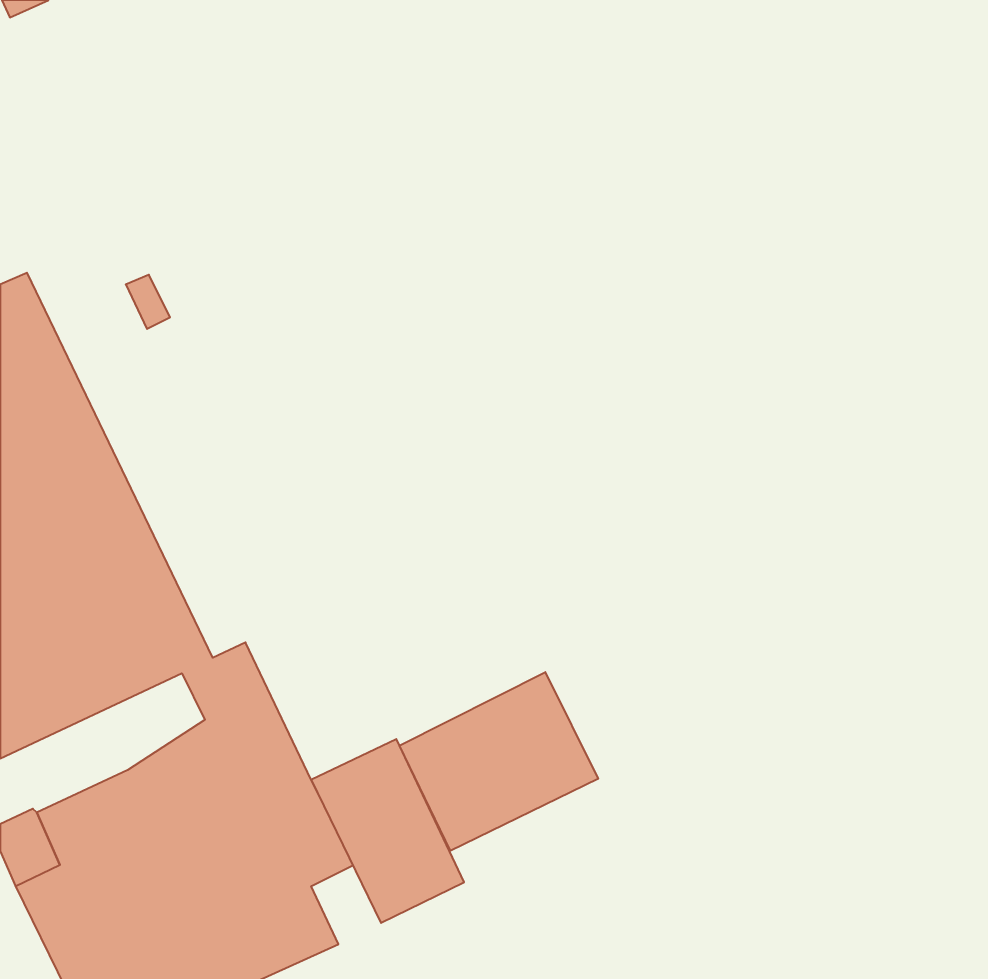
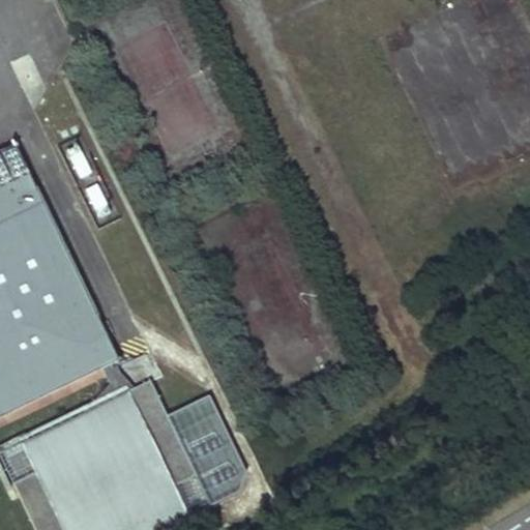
building: [399,672,598,851] -> none
building: none -> [167,468,204,510]

